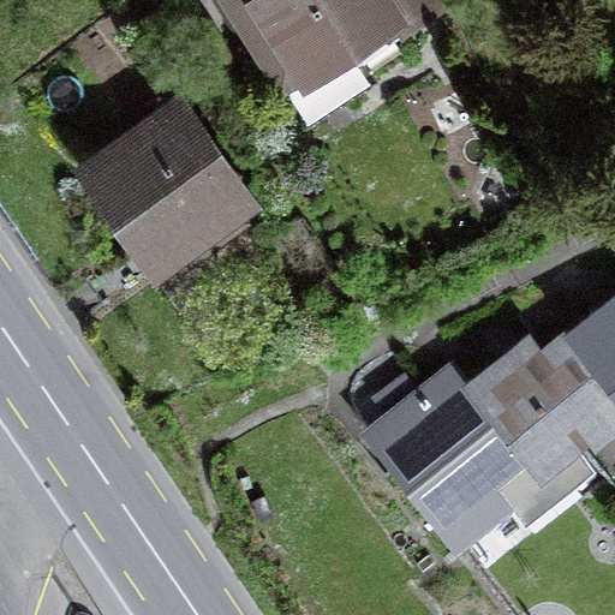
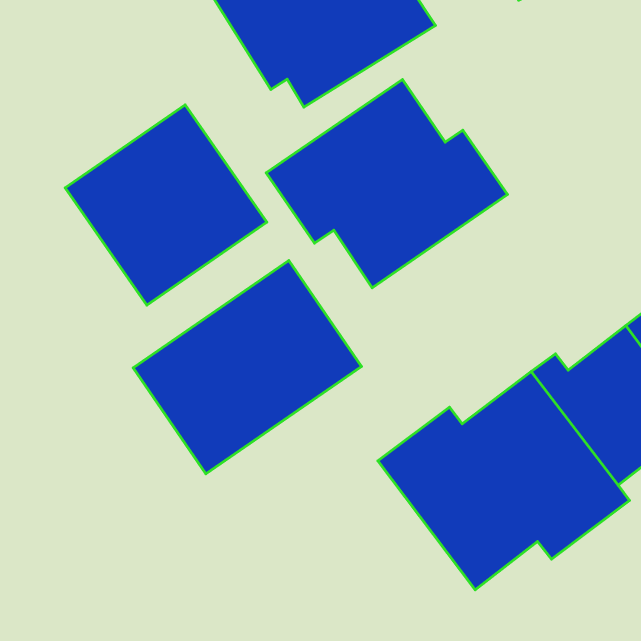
building: none -> [266,80,508,288]
building: none -> [133,260,361,474]

